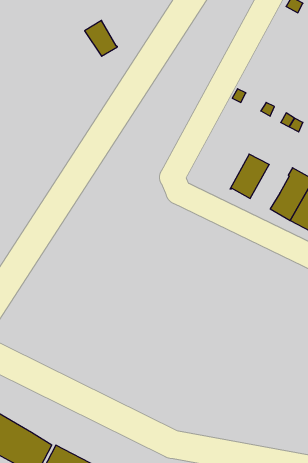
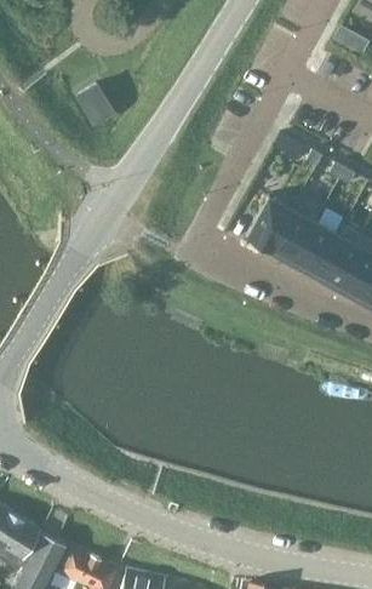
building: [85,20,117,56] -> [76,85,114,126]
building: none -> [247,198,293,251]
building: none -> [294,223,339,274]

